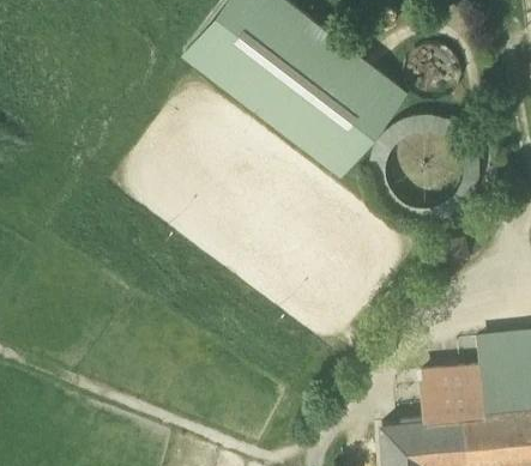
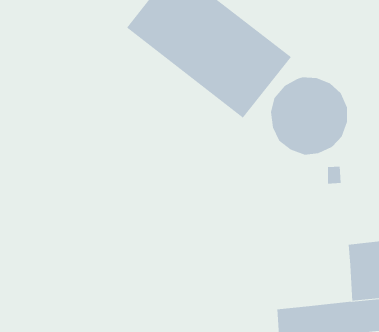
building: [423,369,483,423] -> none

